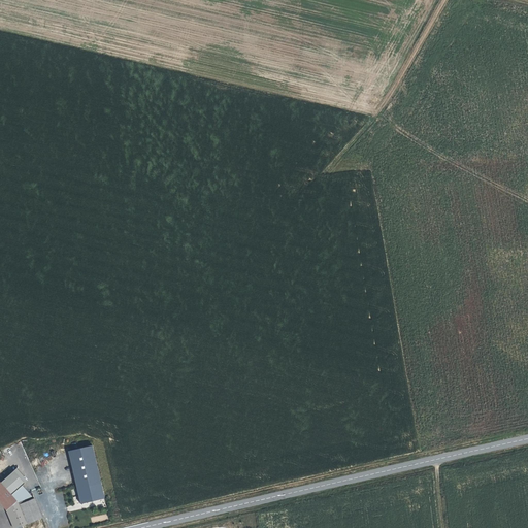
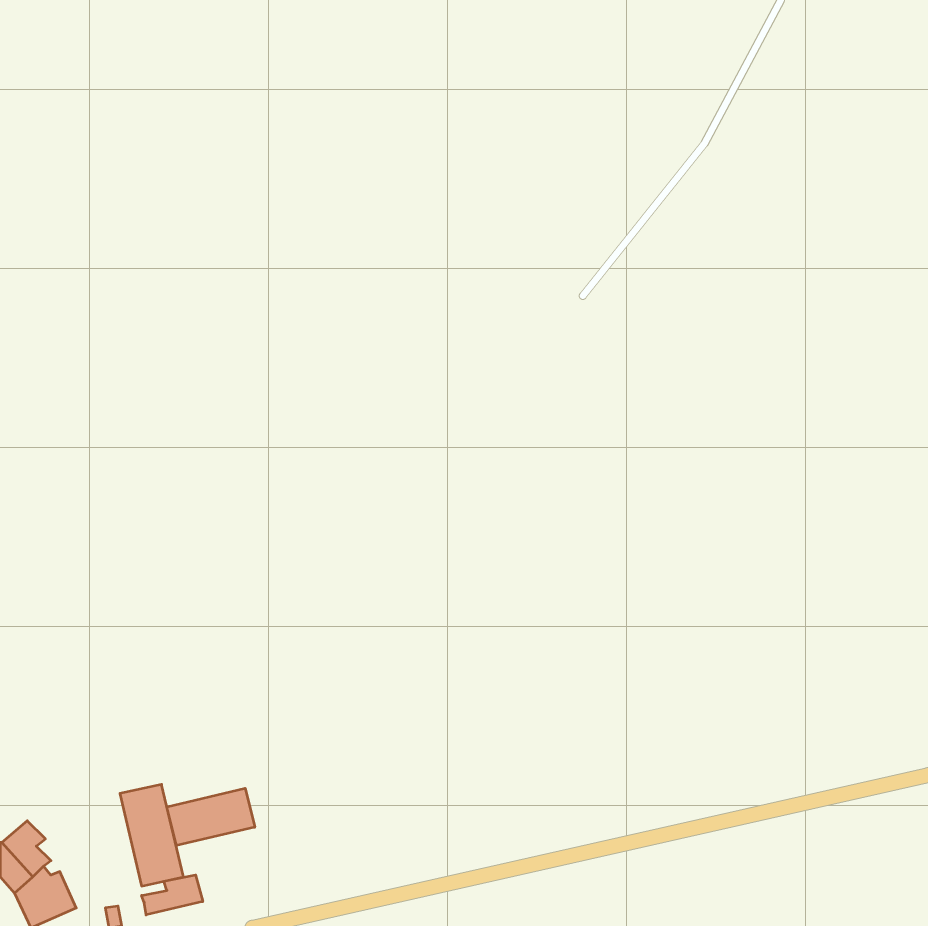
building: none -> [167,788,255,846]
building: none -> [142,875,203,915]

